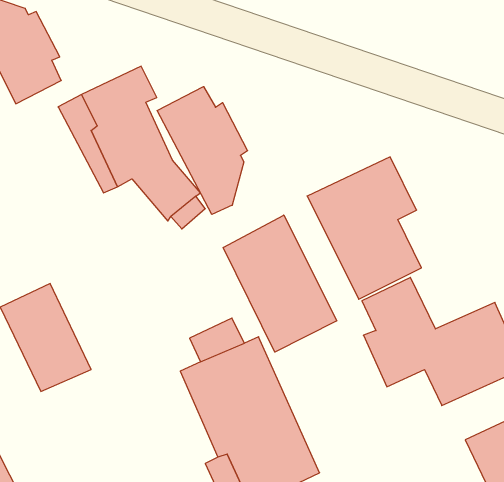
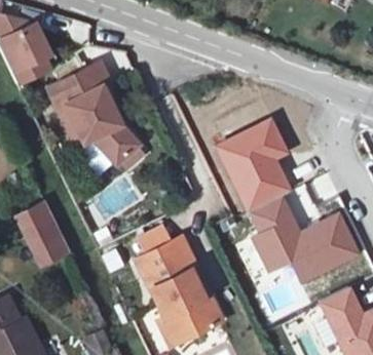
building: [157,87,248,214] -> none
building: [223,215,337,352] -> none

